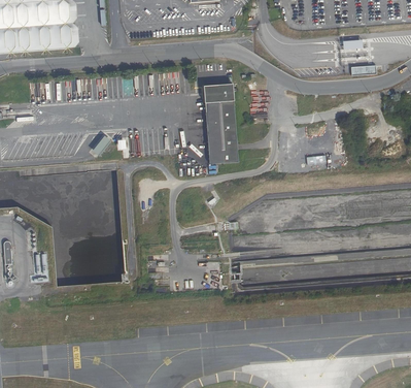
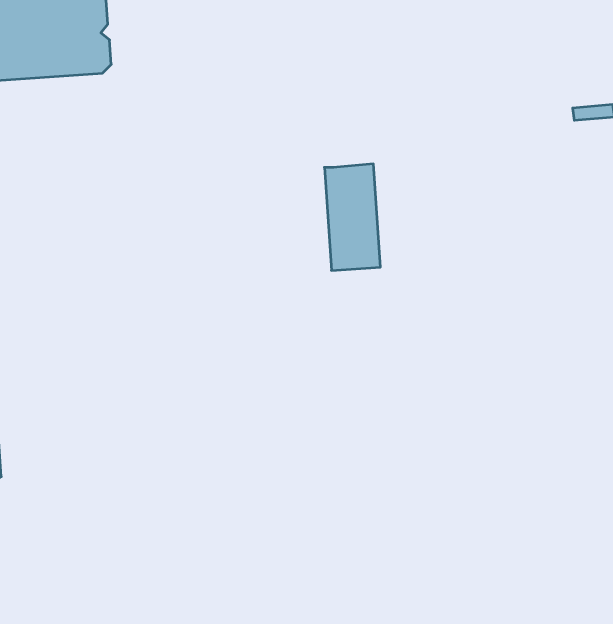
building: [204,82,234,101] -> none

